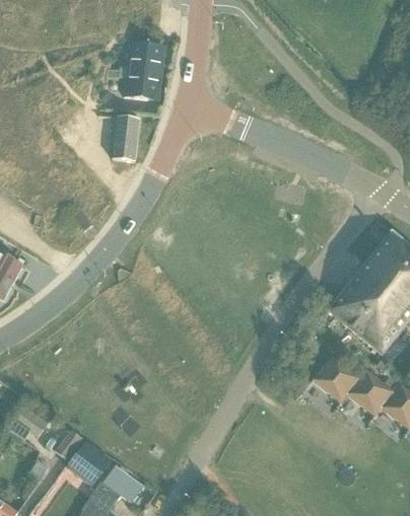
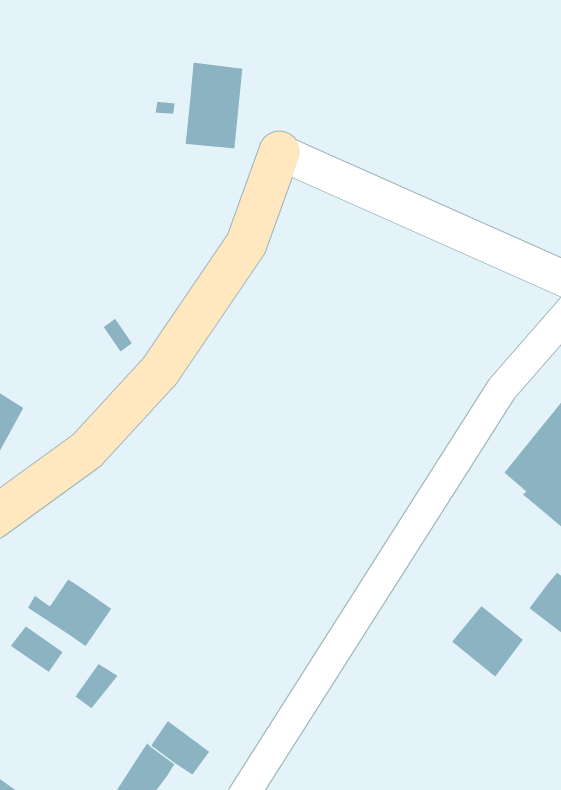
building: [102,117,139,161] -> none
building: [312,356,358,402] -> [451,605,524,678]
building: none -> [27,579,112,647]
building: [67,443,109,484] -> none

